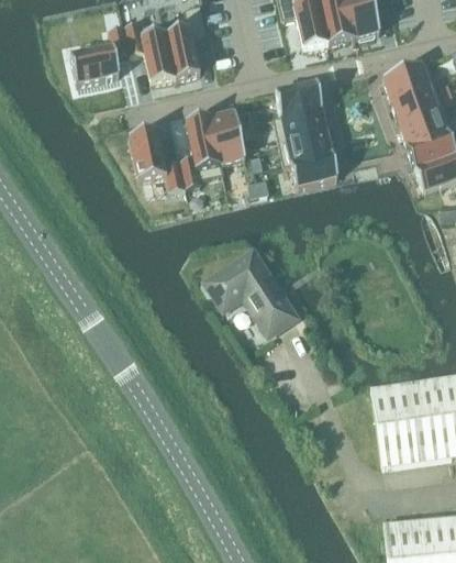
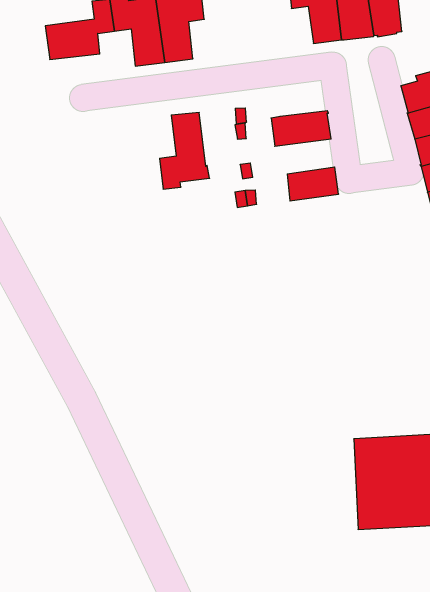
building: [276,82,322,114] -> none
building: [211,112,246,164] -> none
building: [279,130,333,165] -> none
building: [130,131,186,191] -> none
building: [208,252,296,334] -> none

